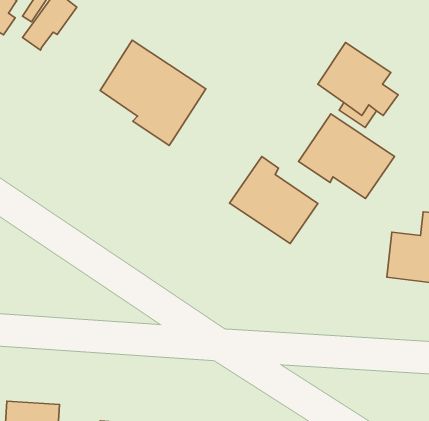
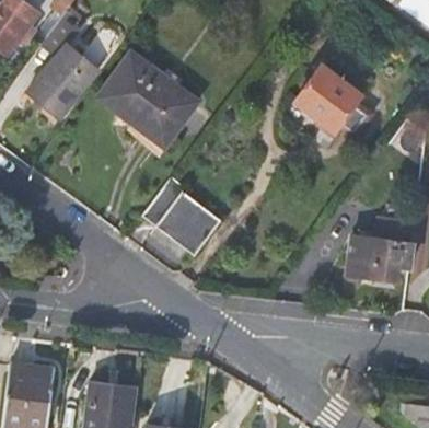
building: none -> [28,42,98,115]
building: [299,114,394,198] -> none
building: [229,157,318,244] -> [144,174,222,252]

